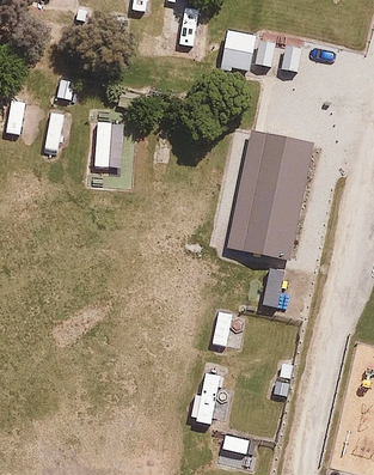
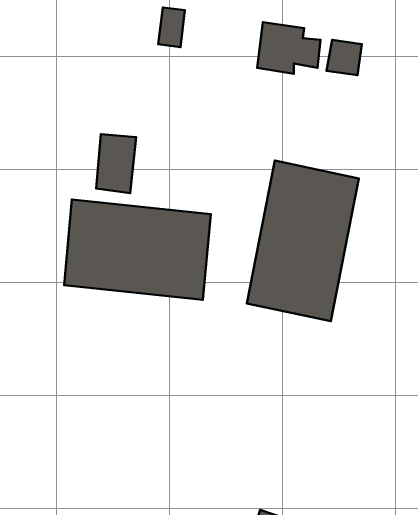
building: none -> [64,200,211,300]

